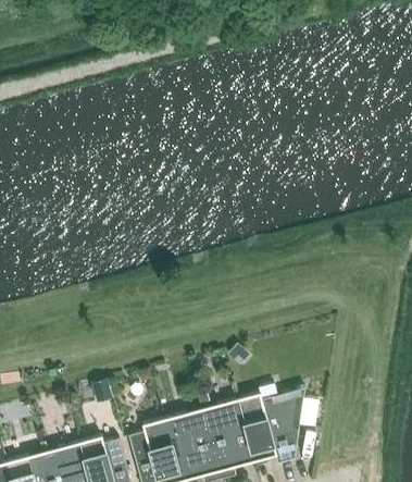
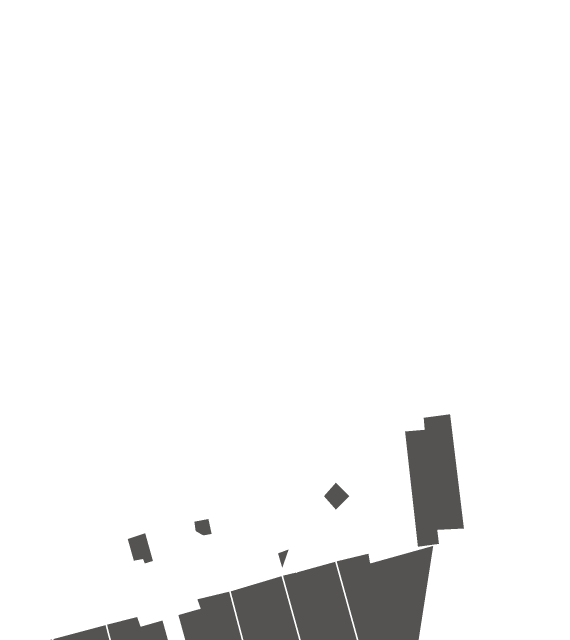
building: none -> [405,413,465,548]

